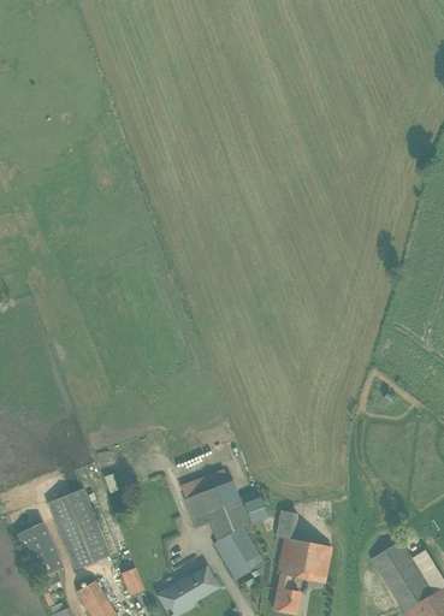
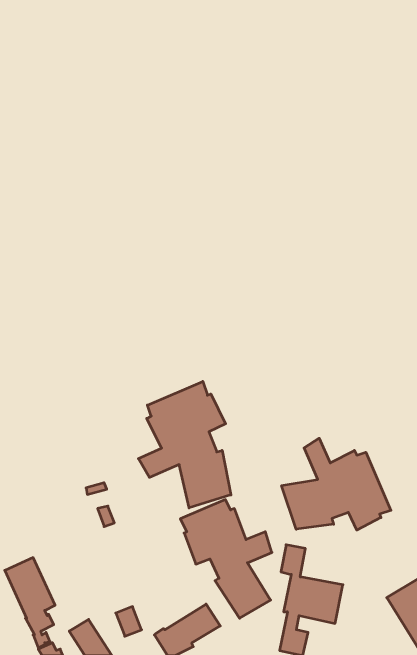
building: none -> [138,381,231,508]
building: none -> [282,438,391,530]
building: [47,490,111,571] -> none

